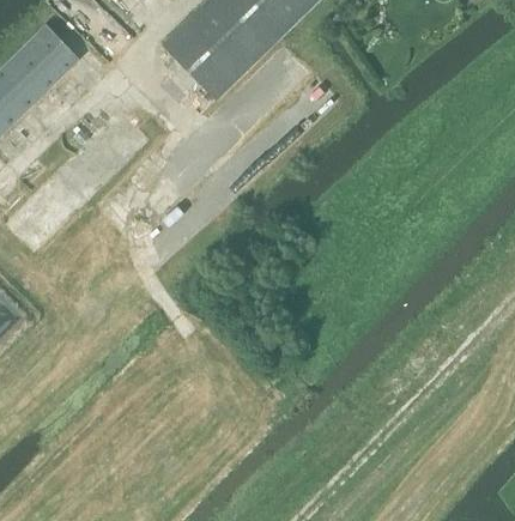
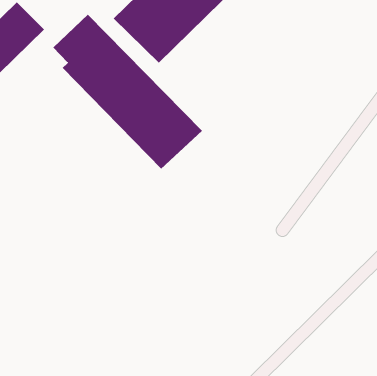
building: none -> [53,14,203,169]

